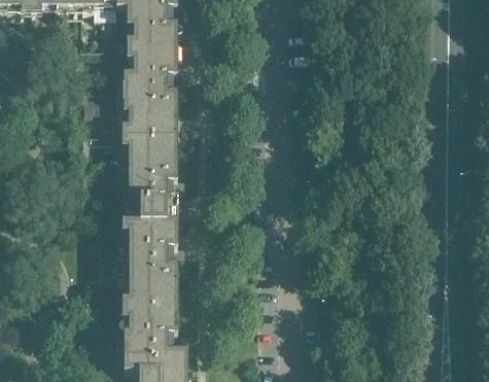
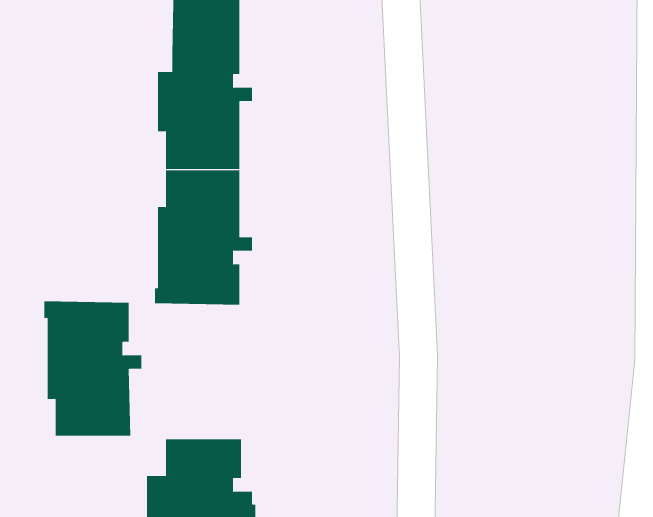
building: [120,219,184,307] -> [44,301,142,436]

